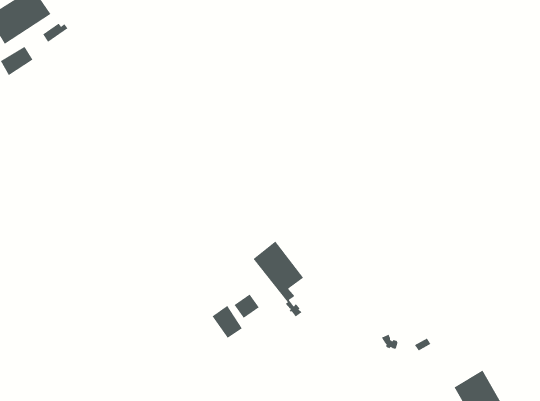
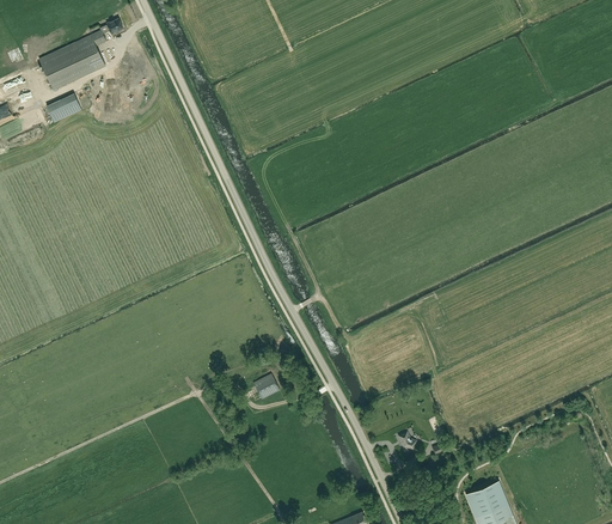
building: [253,241,304,317] -> none
building: [212,305,243,339] -> none

